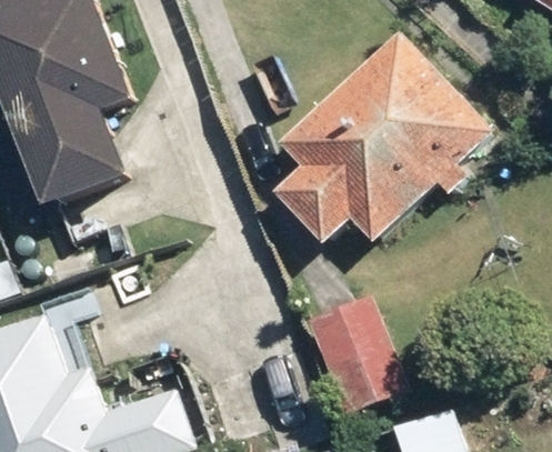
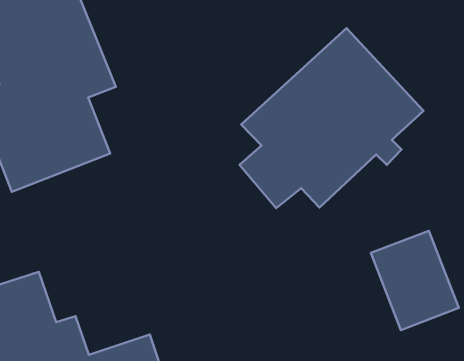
building: [305,299,407,413] -> [371,231,459,330]

